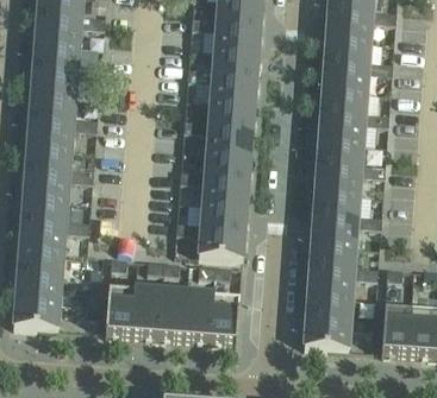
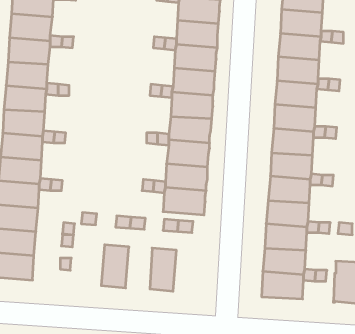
building: [106,283,136,328] -> none
building: [158,286,187,331] -> none
building: [210,290,239,336] -> none

